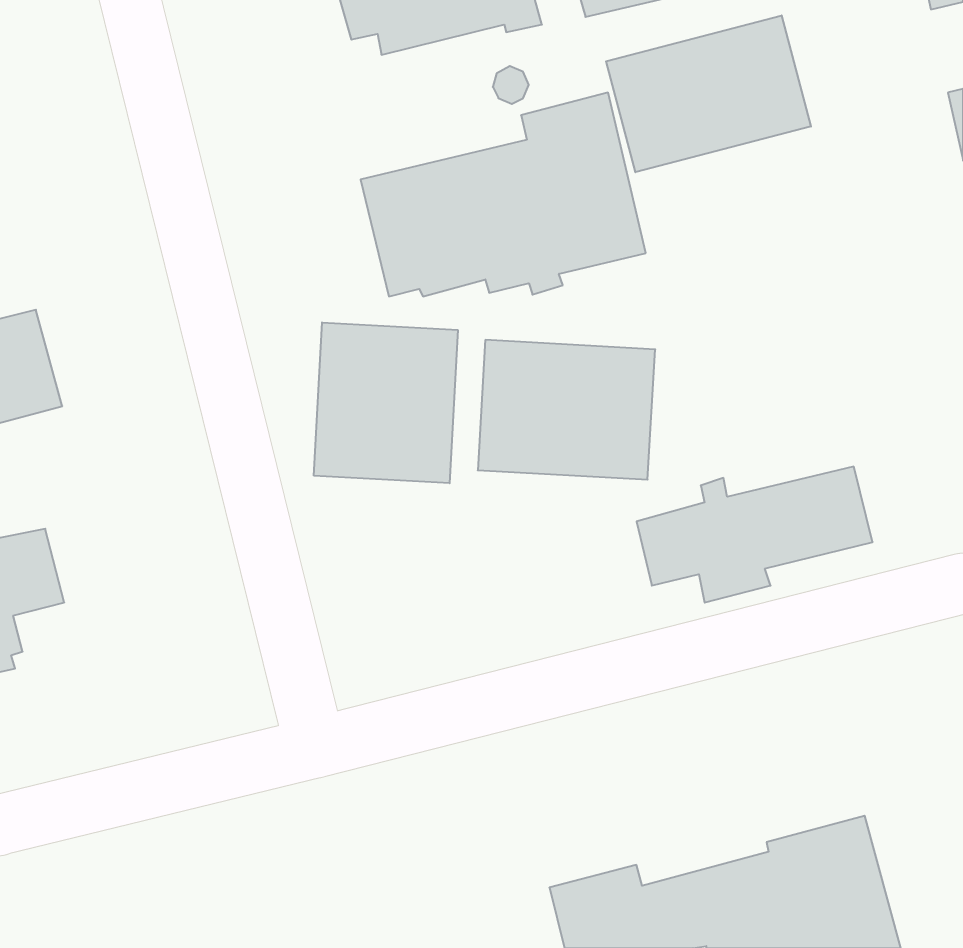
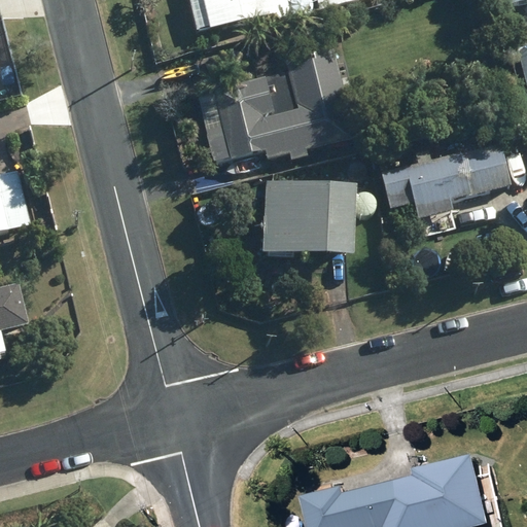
building: [606,15,811,172] -> none
building: [314,322,458,483] -> none
building: [637,467,873,603] -> [380,145,508,219]

